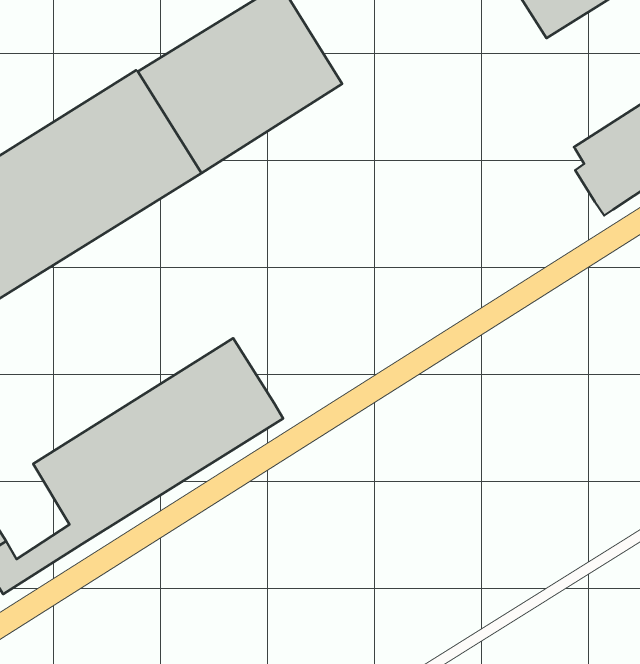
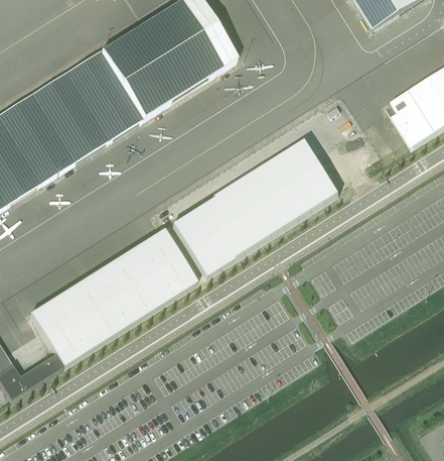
building: none -> [171,140,337,276]

